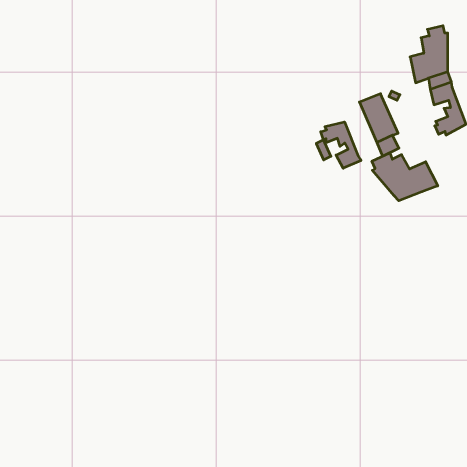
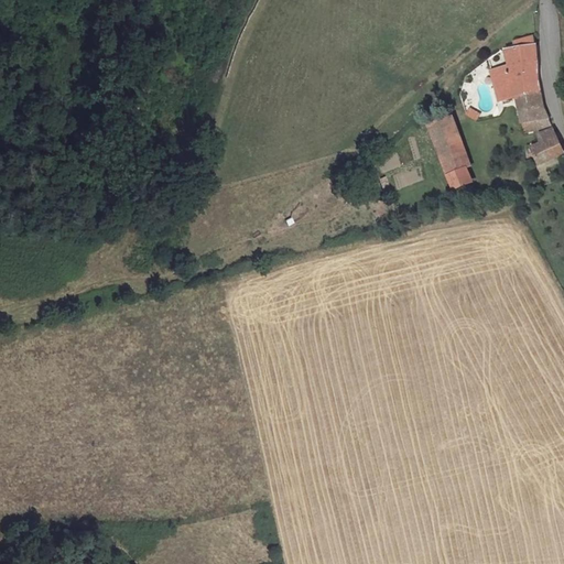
building: [321,122,361,168] -> none
building: [372,153,438,201] -> none

